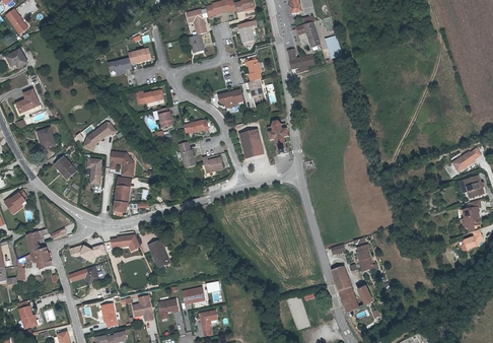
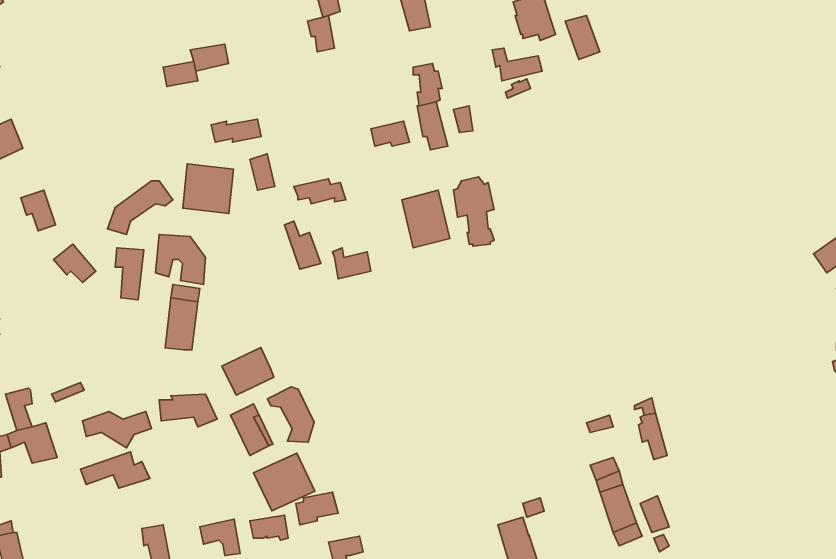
building: none -> [183,164,233,213]
building: none -> [222,348,274,395]
building: none -> [267,387,314,442]
building: none -> [254,453,315,511]

